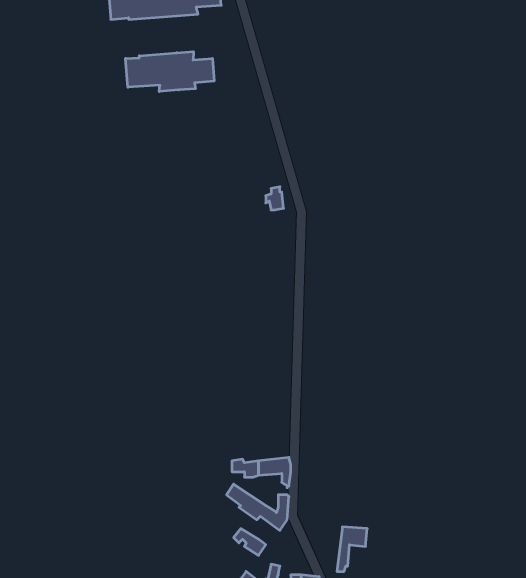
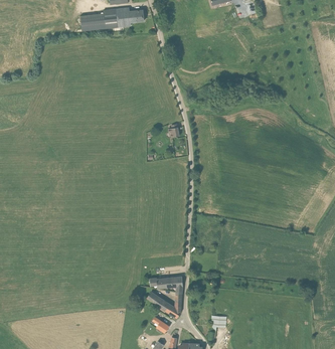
building: [126,52,214,92] -> none

